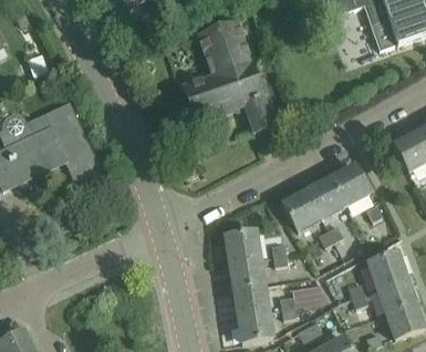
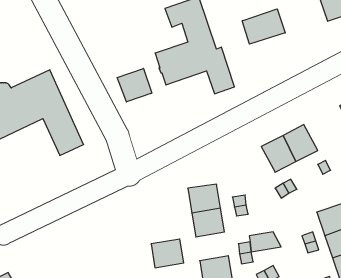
building: none -> [242,9,285,44]
building: none -> [117,68,152,102]
building: [282,189,321,230] -> none
building: [232,284,269,317] -> [151,239,184,268]

